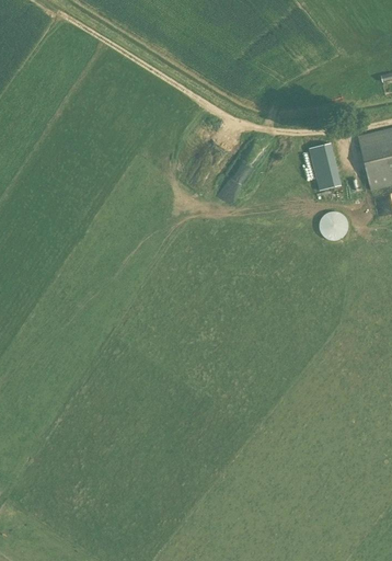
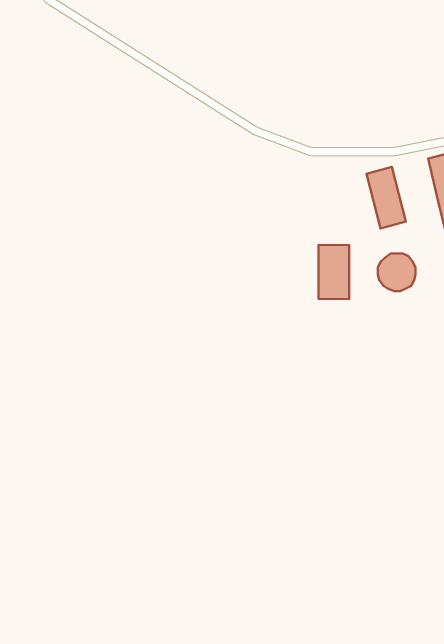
building: none -> [318,245,349,299]

